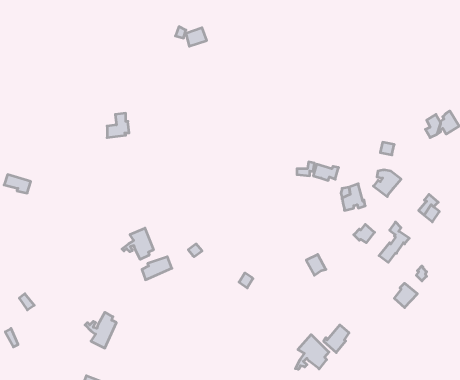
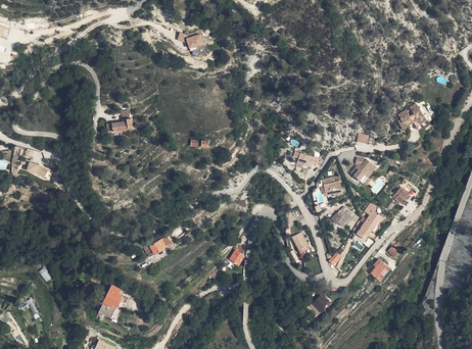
building: [122,228,153,259] -> none
building: [295,335,329,369] -> none

